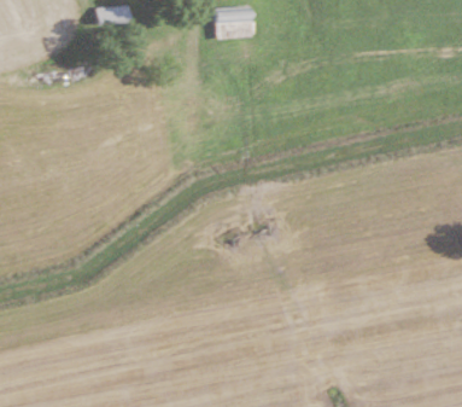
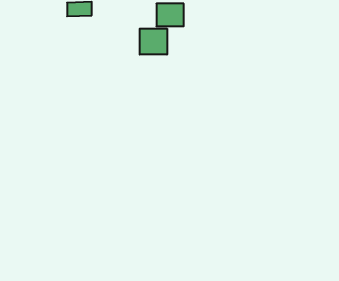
building: none -> [140,29,167,55]

